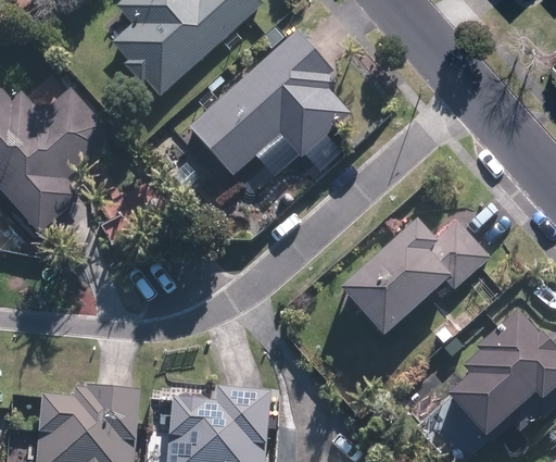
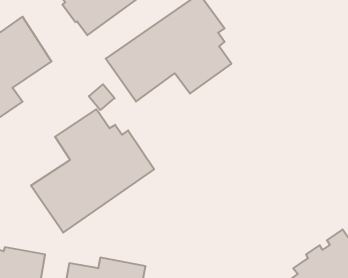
building: none -> [31,109,154,233]
building: [338,220,491,339] -> none

